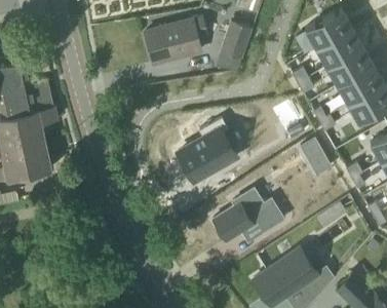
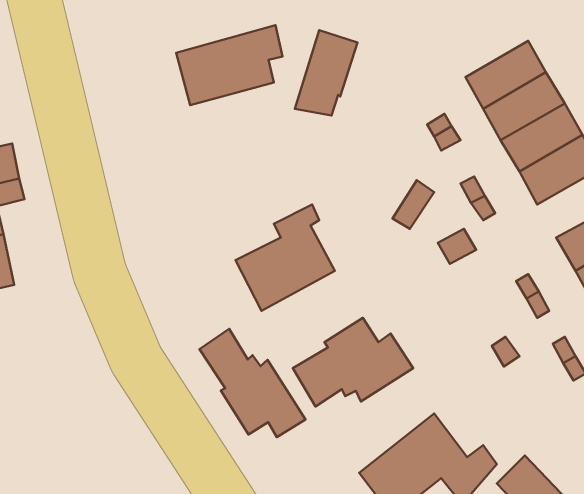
building: [304,8,352,48] -> none
building: none -> [200,329,305,437]

